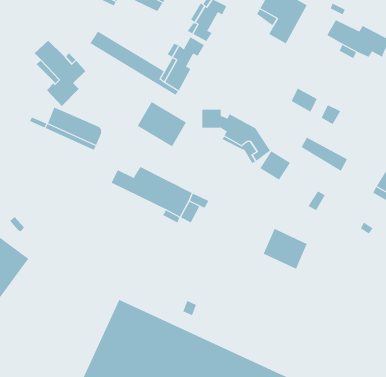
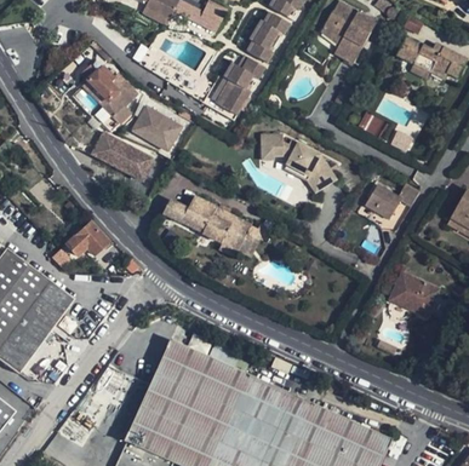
building: [137,101,187,147] -> [130,103,184,153]
building: [259,150,291,181] -> [367,185,401,218]
building: none -> [65,222,109,257]
building: [263,228,308,269] -> [390,272,439,317]

